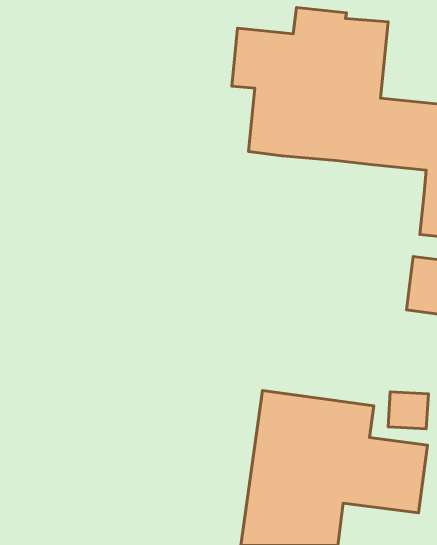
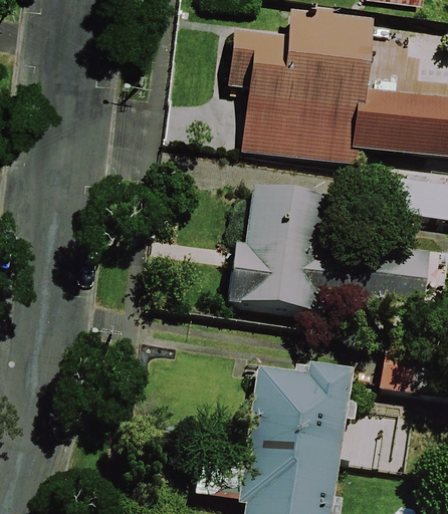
building: none -> [231,203,347,316]

